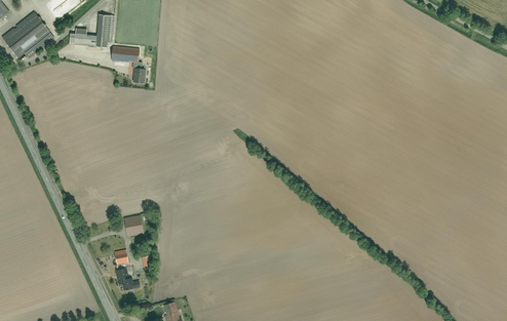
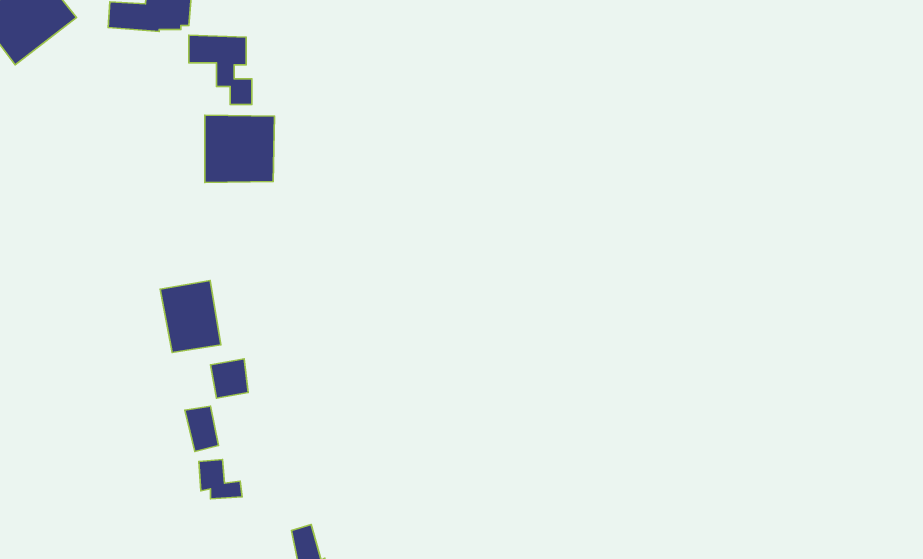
building: none -> [205,115,274,183]
building: none -> [160,280,221,352]

